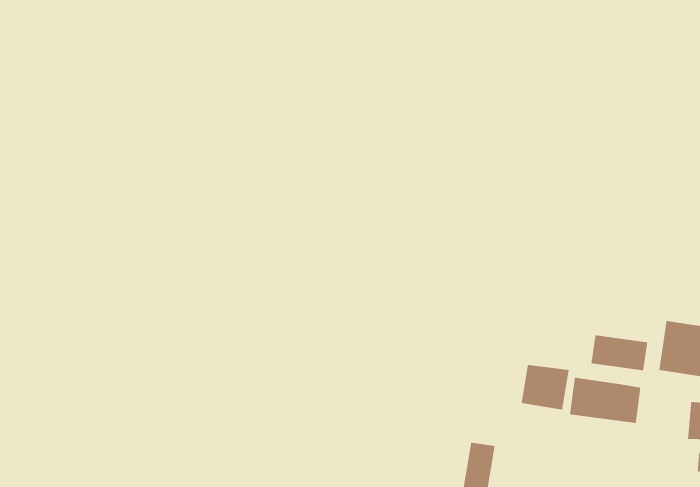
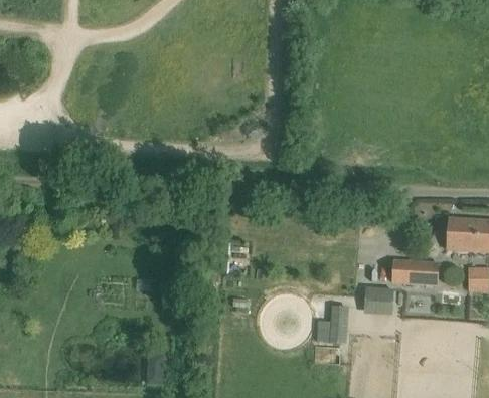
building: [591,335,648,371] -> none
building: [521,364,569,410] -> [365,288,394,316]

